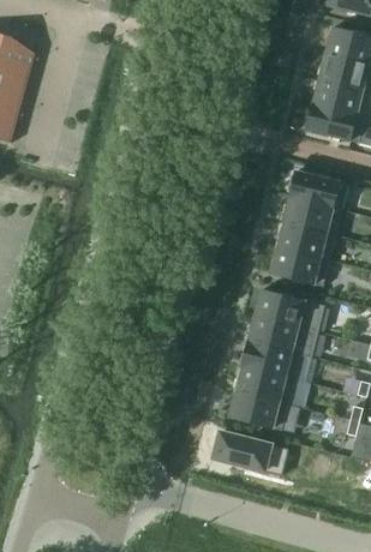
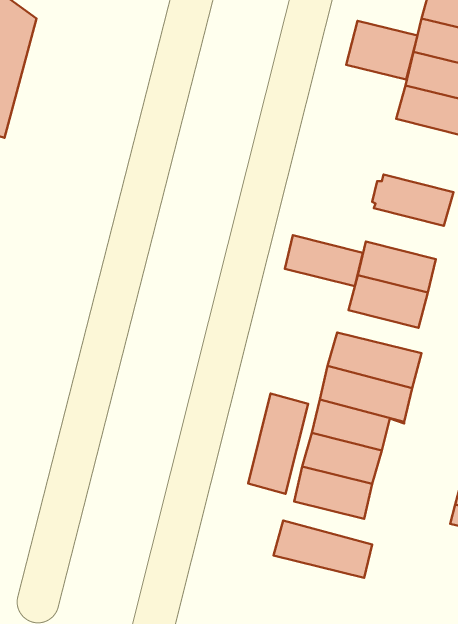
building: none -> [346,21,417,79]
building: [283,196,342,234] -> [285,235,363,286]
building: none -> [248,393,308,494]

